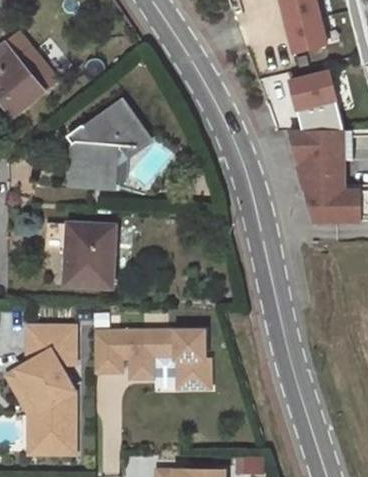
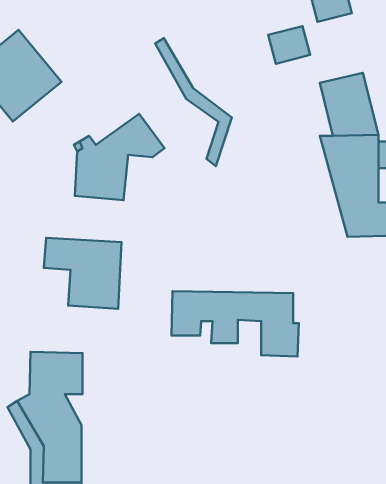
building: [288,18,326,52] -> [268,26,310,64]
building: none -> [155,38,232,166]
building: [95,331,210,390] -> [171,291,299,356]

